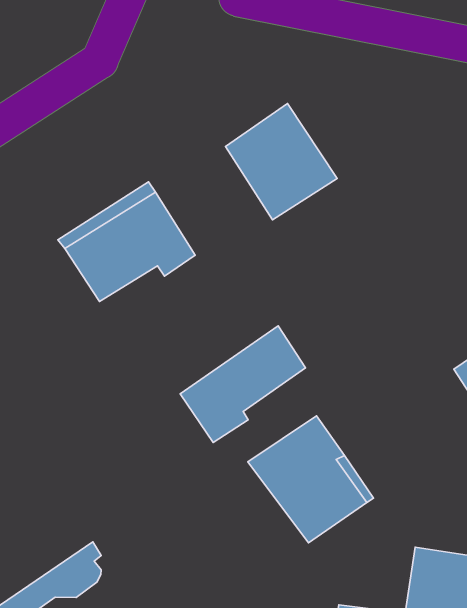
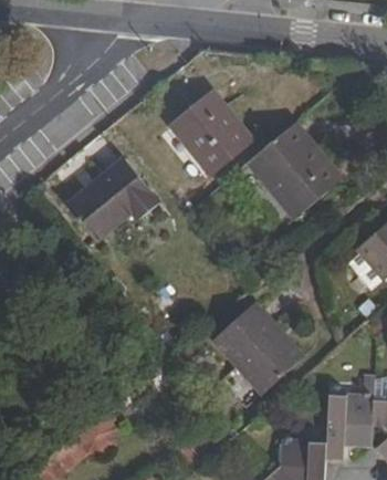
building: none -> [251,124,342,218]
building: [180,326,306,443] -> none

